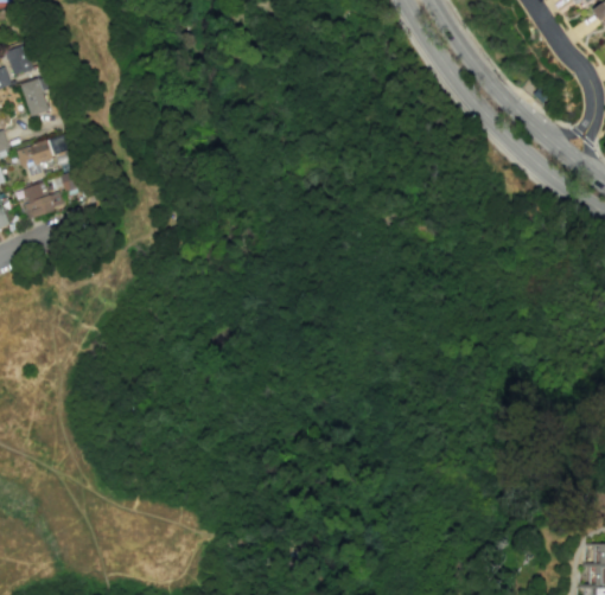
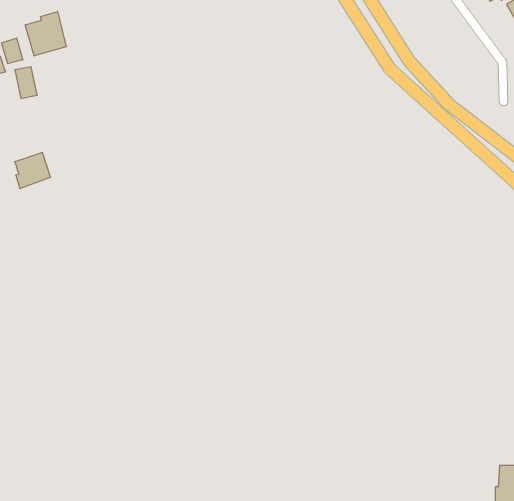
building: none -> [25,11,66,56]
building: [18,136,68,181] -> none

